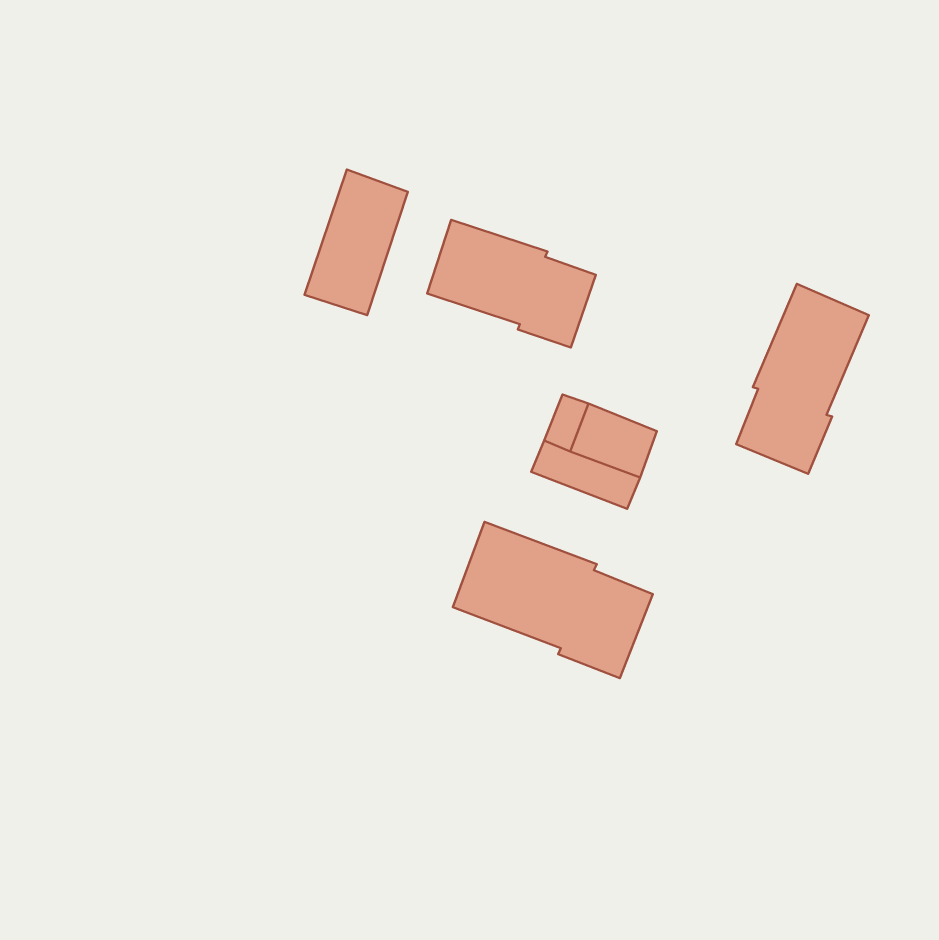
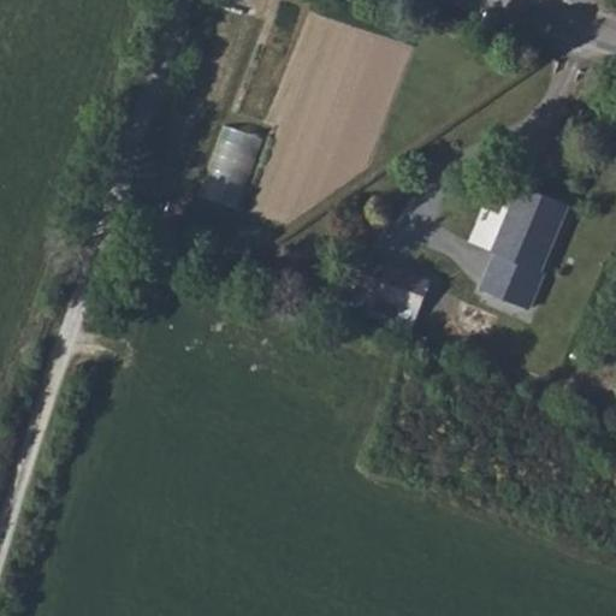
building: [427,220,596,347] -> none
building: [453,522,653,678] -> none

